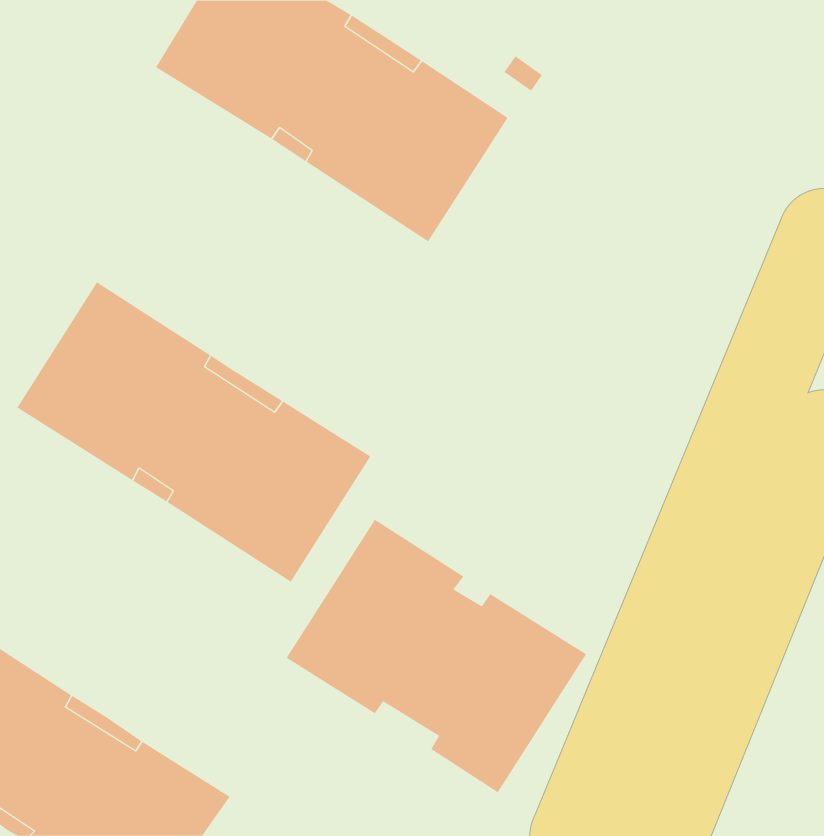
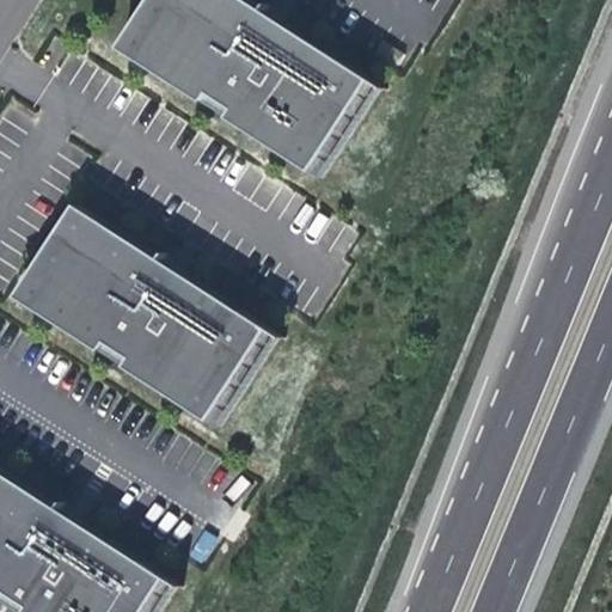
building: [286,519,587,793] -> none

